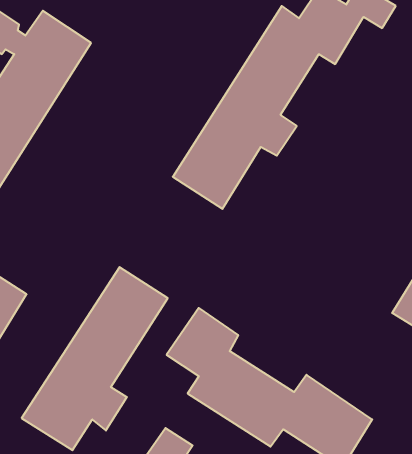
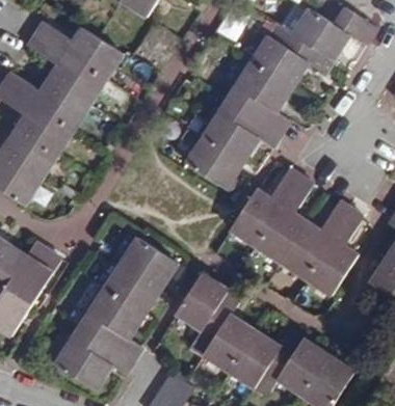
building: none -> [232,167,363,294]

